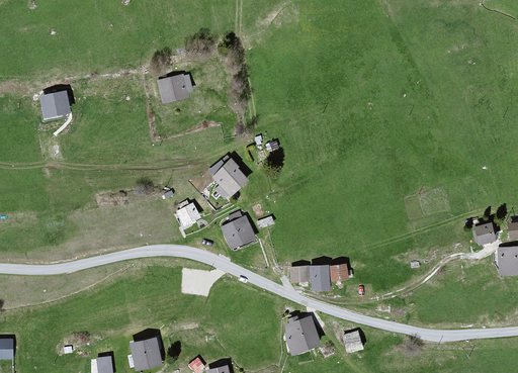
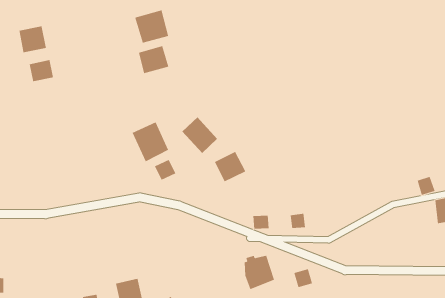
building: none -> [134,9,169,43]
building: none -> [19,25,47,53]
building: none -> [132,122,169,162]
building: [219,215,255,251] -> [214,151,246,182]
building: [313,265,331,290] -> none

